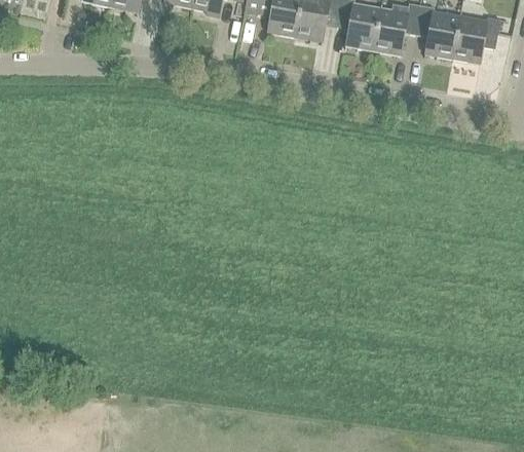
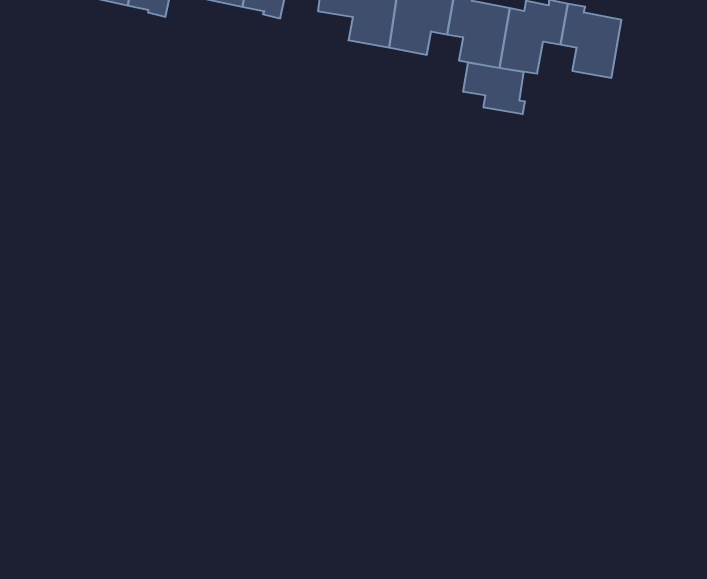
building: [453,16,500,63] -> none
building: none -> [463,62,525,114]

